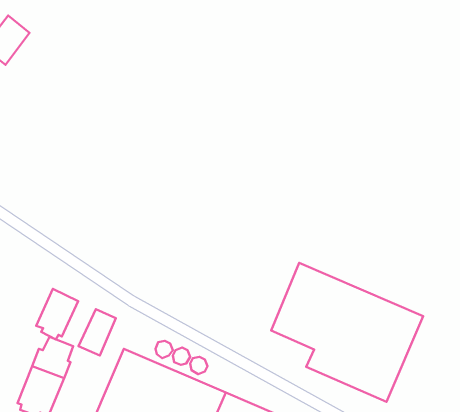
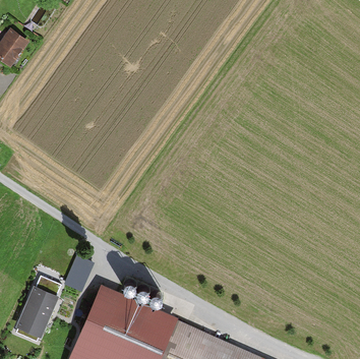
building: [271,263,423,402] -> none
building: [36,289,78,339] -> none

